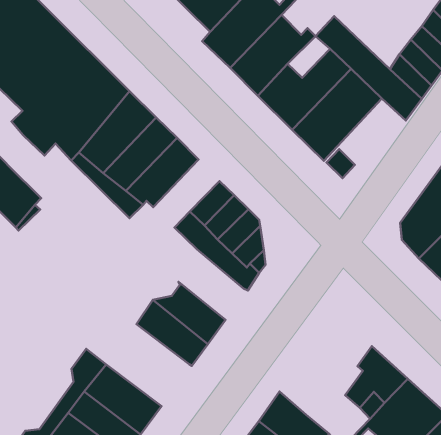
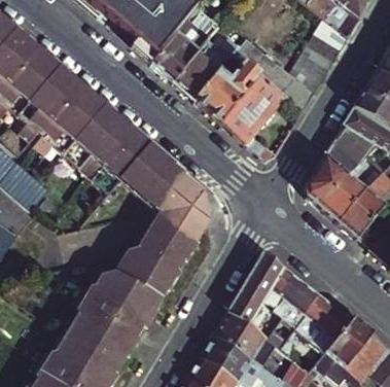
building: none -> [128,147,174,198]
building: none -> [150,212,198,261]
building: none -> [229,251,293,325]
building: none -> [87,270,163,327]

